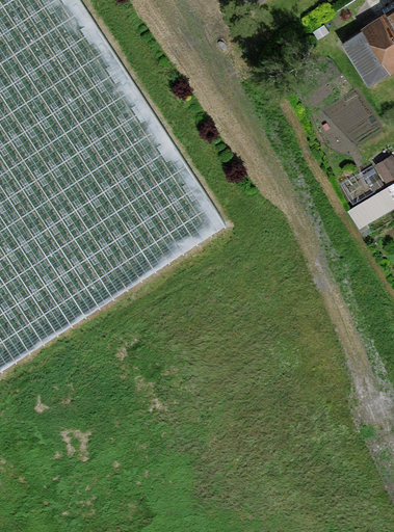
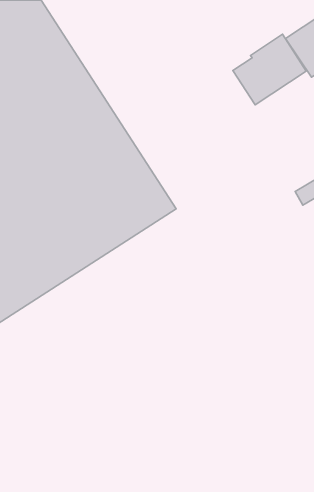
building: none -> [233,34,306,105]

